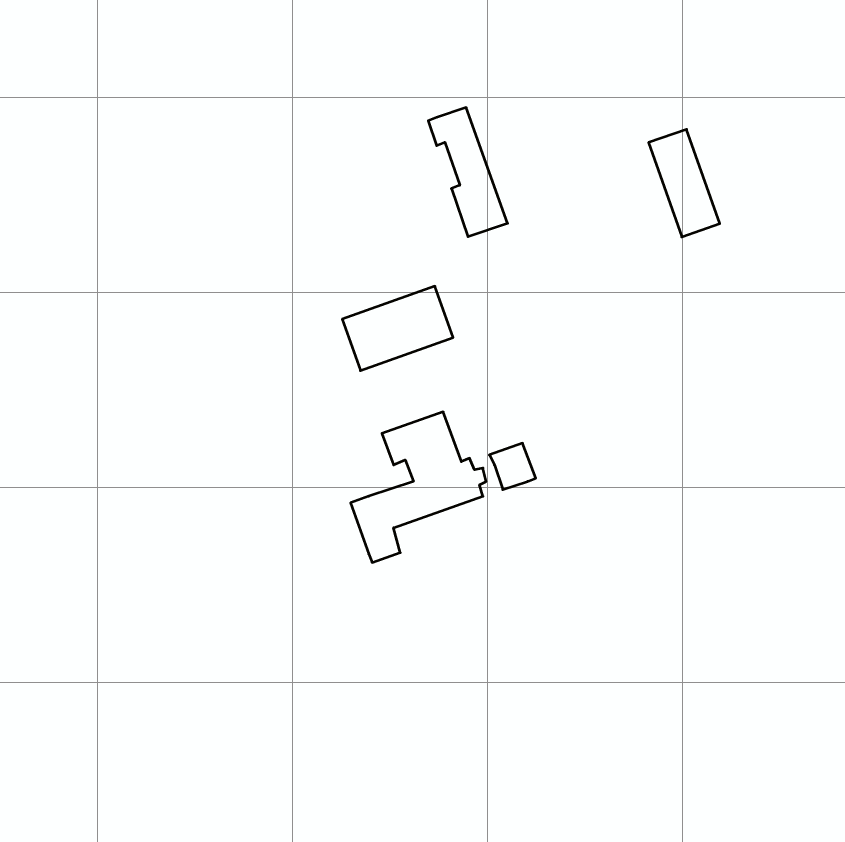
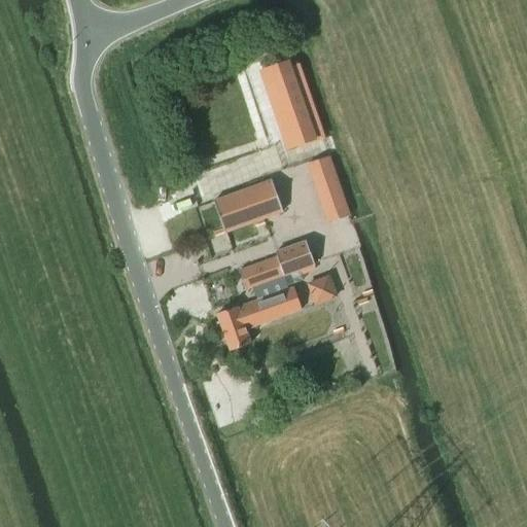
building: [649,129,720,237] -> [306,154,350,221]
building: none -> [275,239,313,275]

